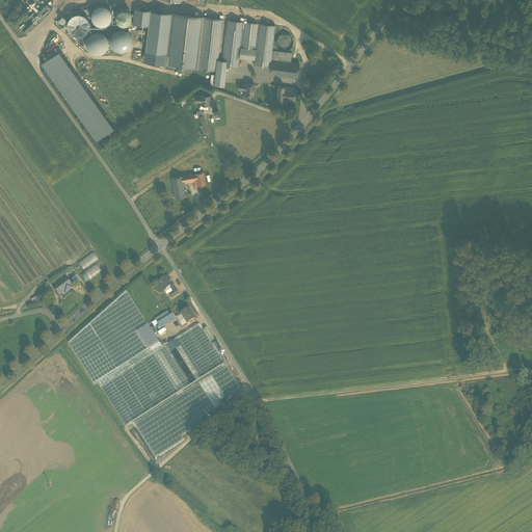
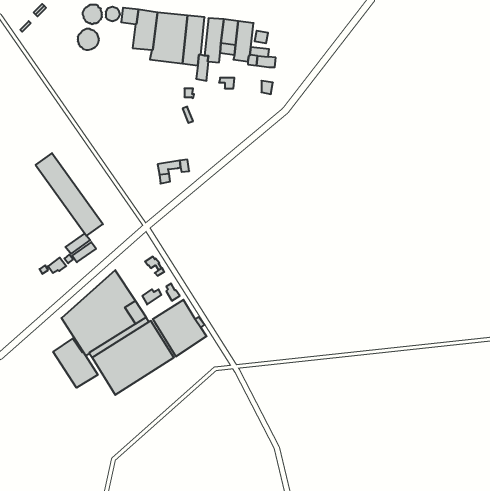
building: [65,14,88,35] -> none
building: [108,29,131,52] -> none
building: [39,51,112,140] -> [36,153,103,236]
building: none -> [53,338,98,388]

